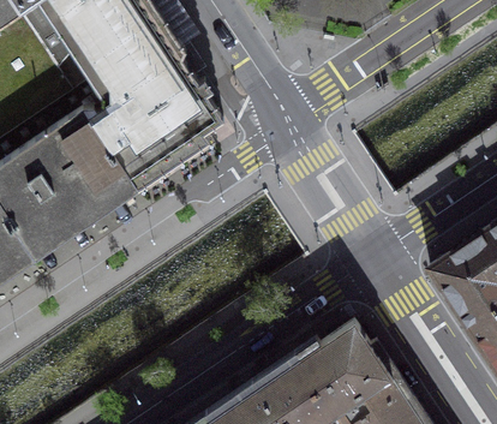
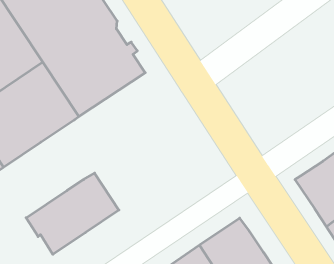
building: none -> [26,173,119,254]

